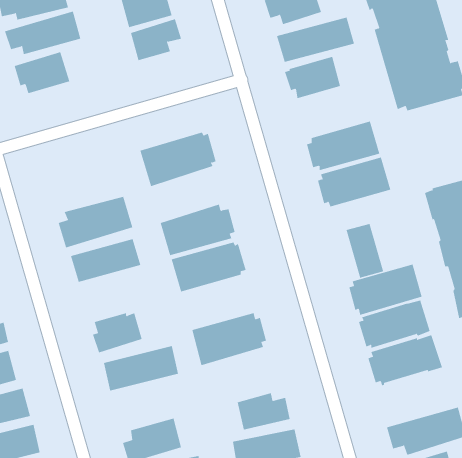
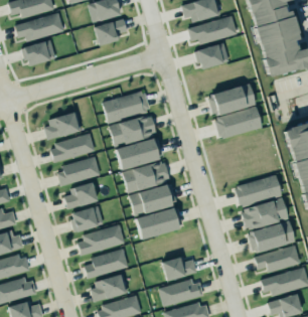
building: none -> [44,115,83,139]
building: none -> [110,115,157,146]
building: [346,223,384,278] -> none
building: none -> [64,182,98,209]
building: none -> [130,184,178,216]
building: none -> [254,245,300,272]
building: none -> [85,249,130,279]

